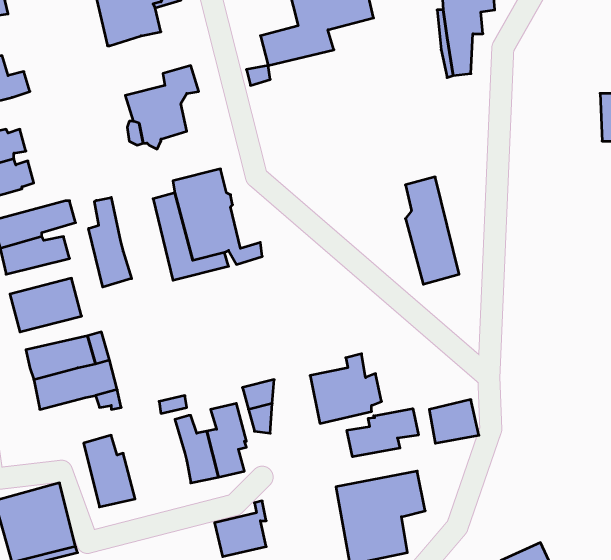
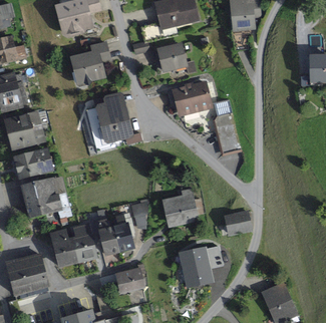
building: none -> [150,43,194,71]
building: none -> [173,82,209,111]
building: [89,197,132,287] -> none
building: [347,409,418,457] -> none
building: none -> [70,223,94,261]

